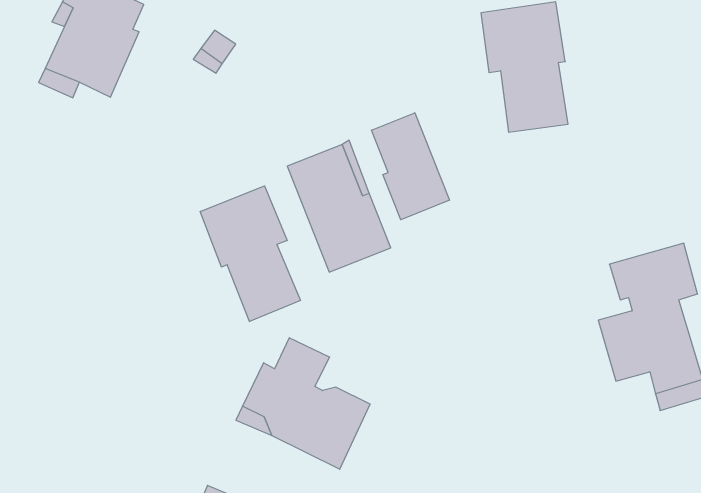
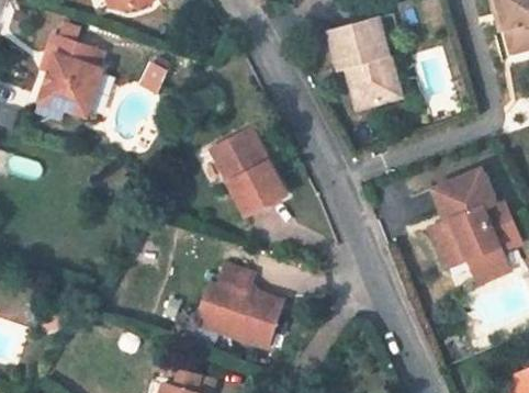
building: [371,113,449,220] -> none
building: [200,186,300,322] -> none

